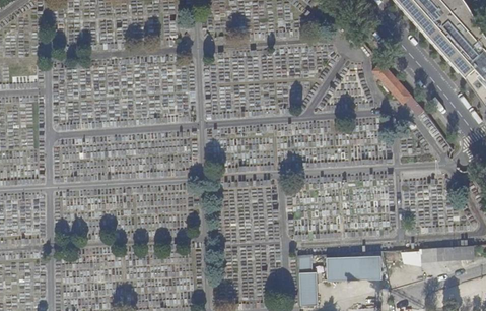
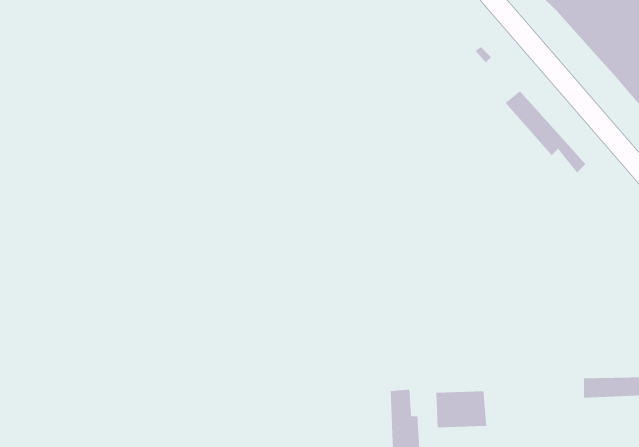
building: [357,255,380,279] -> none

